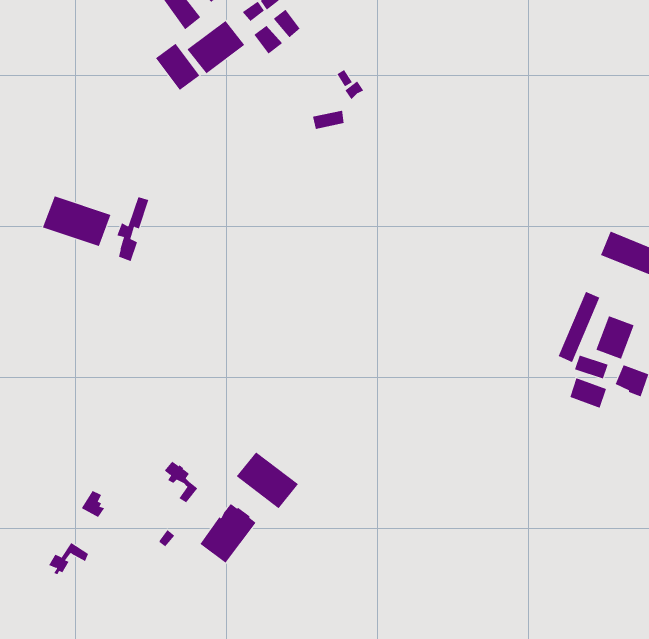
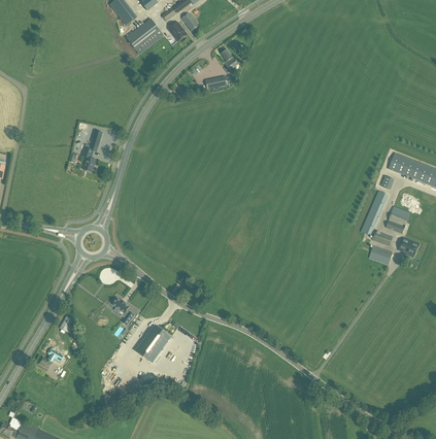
building: [155,43,200,91] -> none
building: [42,195,111,247] -> none
building: [236,451,299,509] -> none

